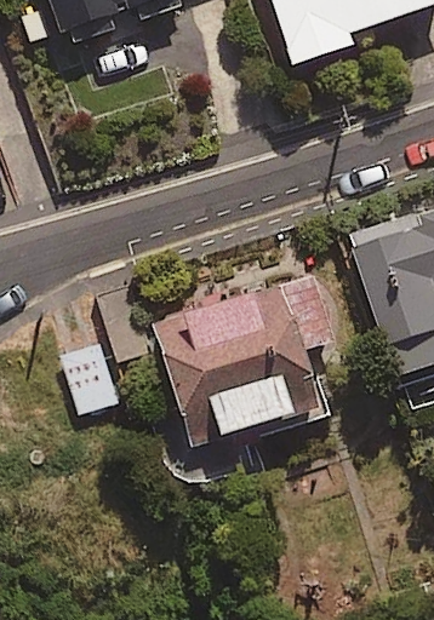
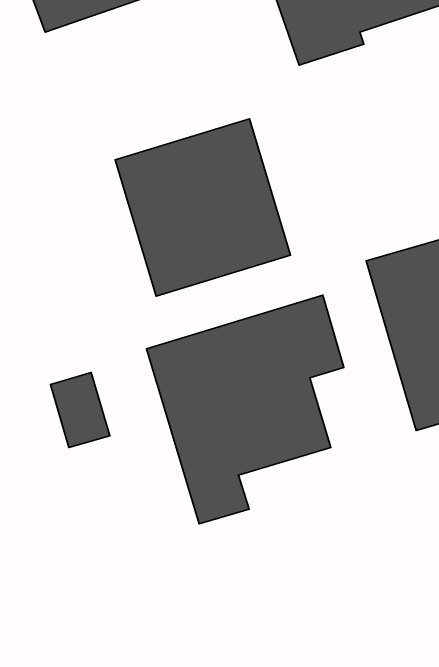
building: none -> [115,119,291,296]

